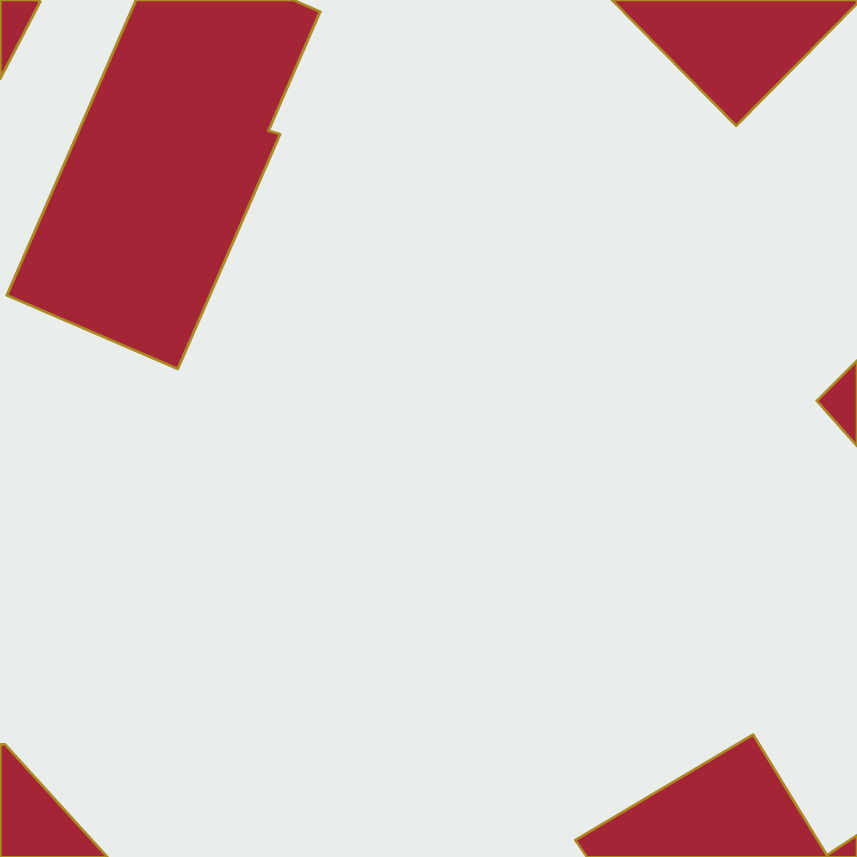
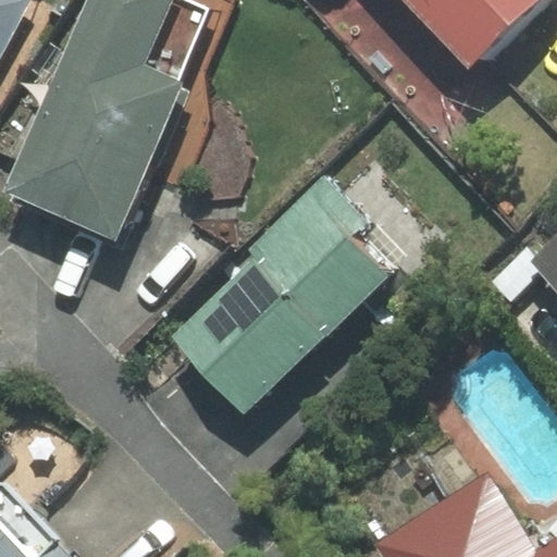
building: none -> [174,176,386,407]

